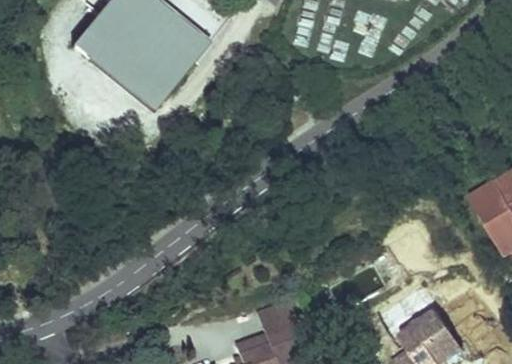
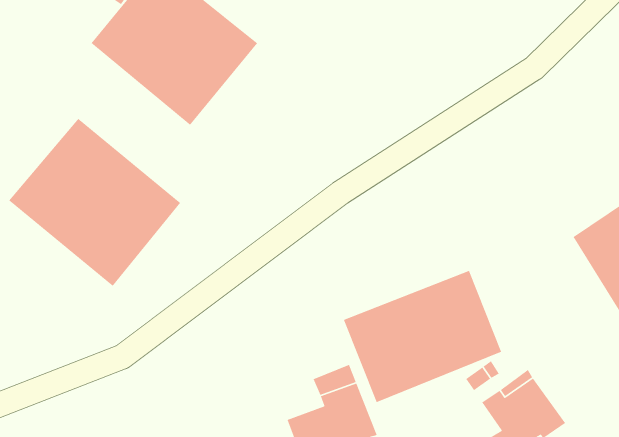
building: none -> [8,118,181,287]
building: none -> [343,270,502,403]

